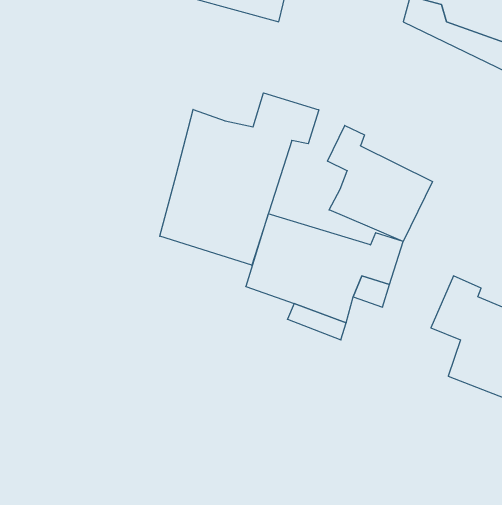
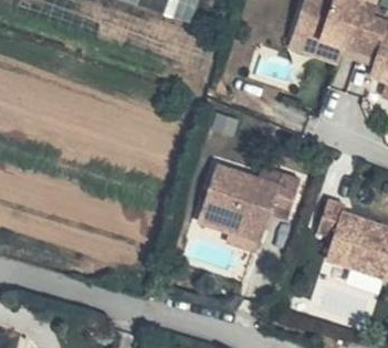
building: [160,93,319,265] -> none
building: [328,125,433,241] -> none

